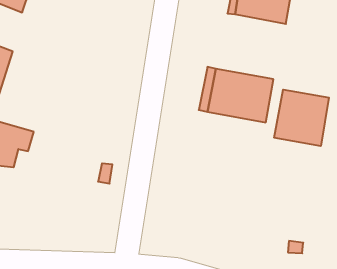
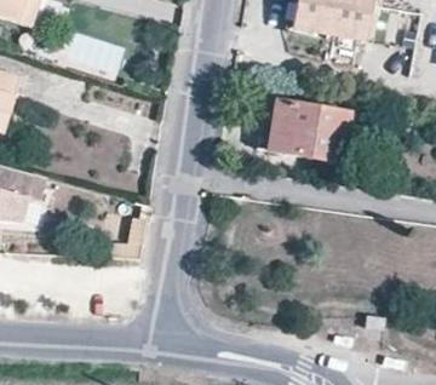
building: [274,90,329,146] -> none

